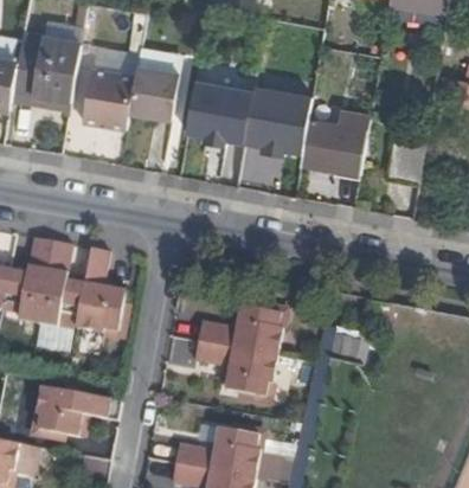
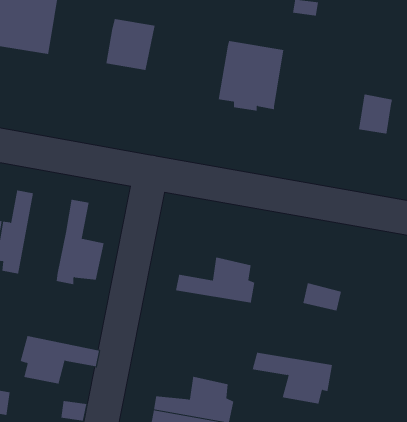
building: [82,66,135,127] -> none
building: [187,82,253,148] -> none
building: [301,118,366,172] -> none
building: [40,243,88,330] -> none
building: [195,342,278,396] -> [252,352,333,404]

